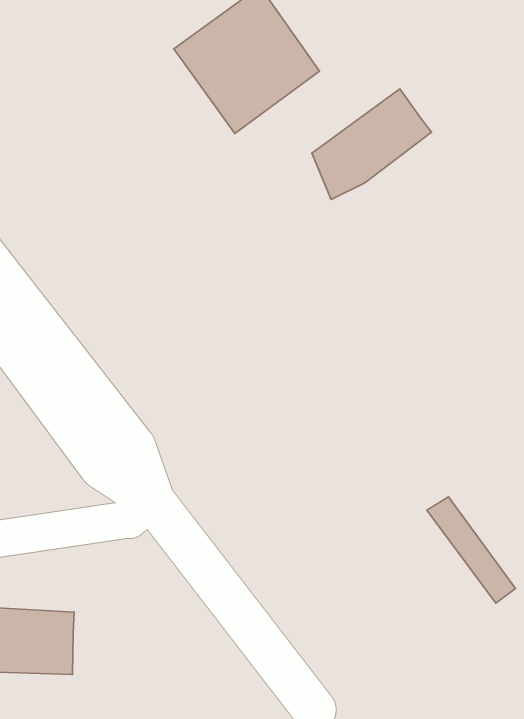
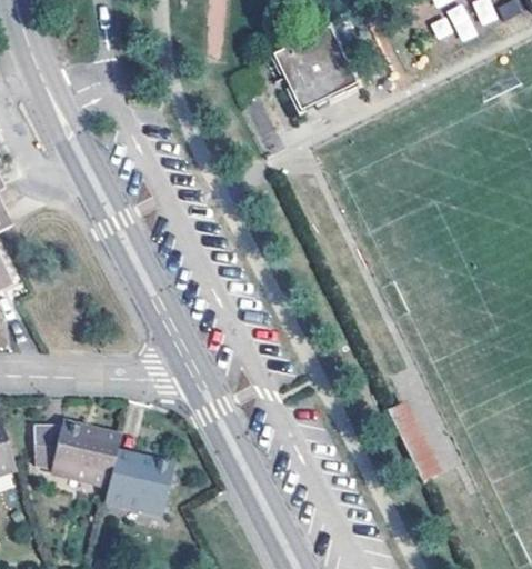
building: [312,89,432,199] -> none
building: none -> [107,451,173,509]

